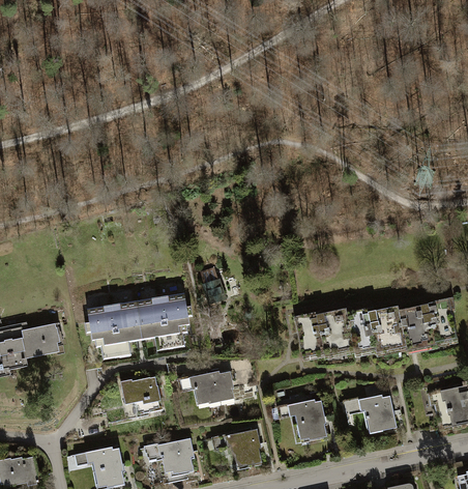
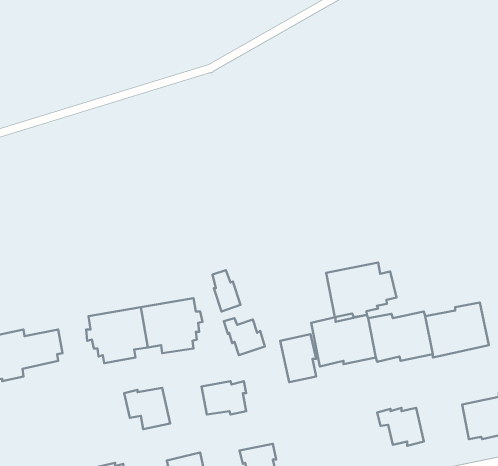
building: none -> [326,262,397,317]
building: none -> [224,318,265,355]
building: [292,397,325,441] -> [280,334,316,382]

